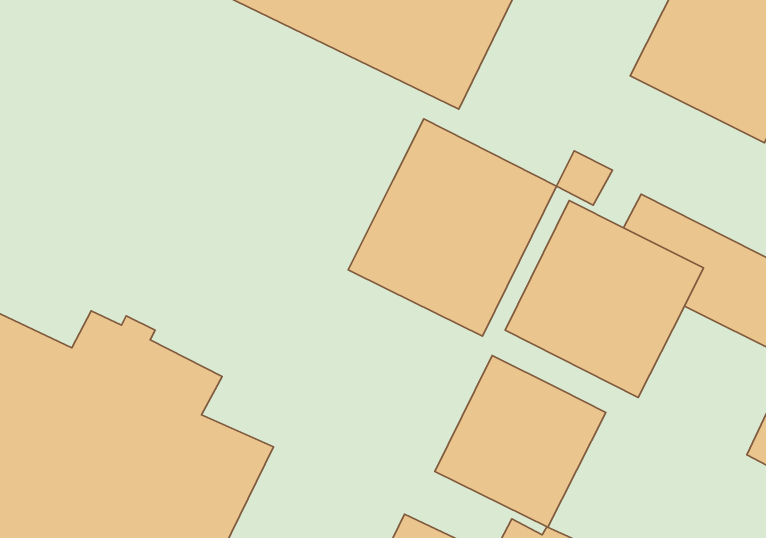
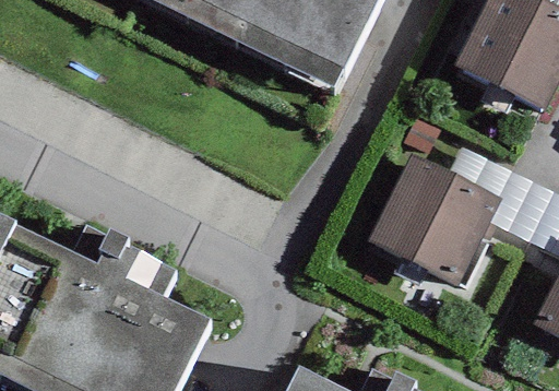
building: [348,119,556,336] -> none
building: [435,355,606,527] -> none

